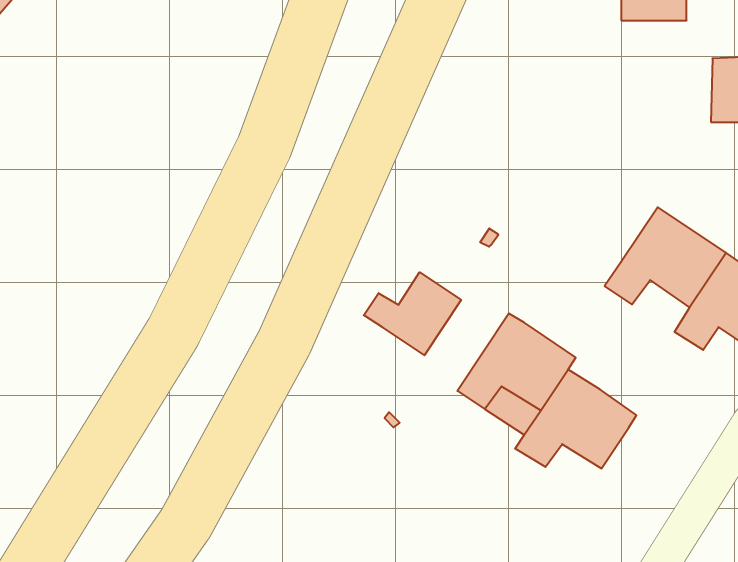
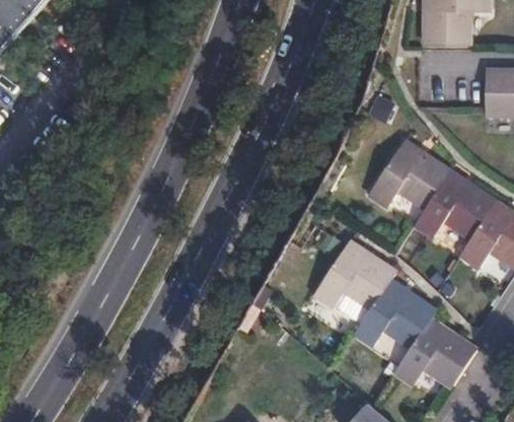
building: none -> [367,141,448,208]
building: [364,272,461,355] -> none
building: none -> [394,319,474,386]

